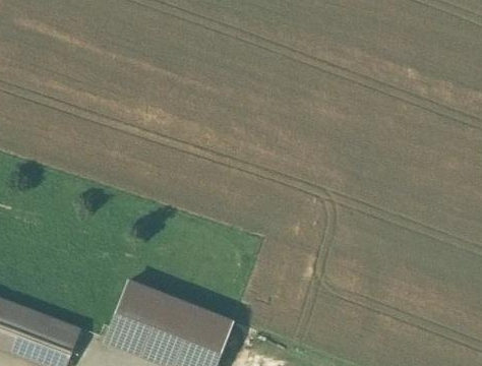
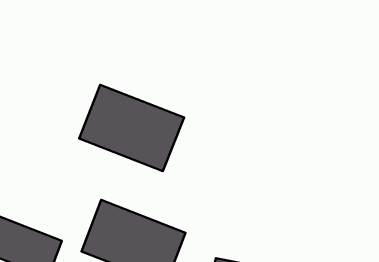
building: none -> [79,85,184,171]

